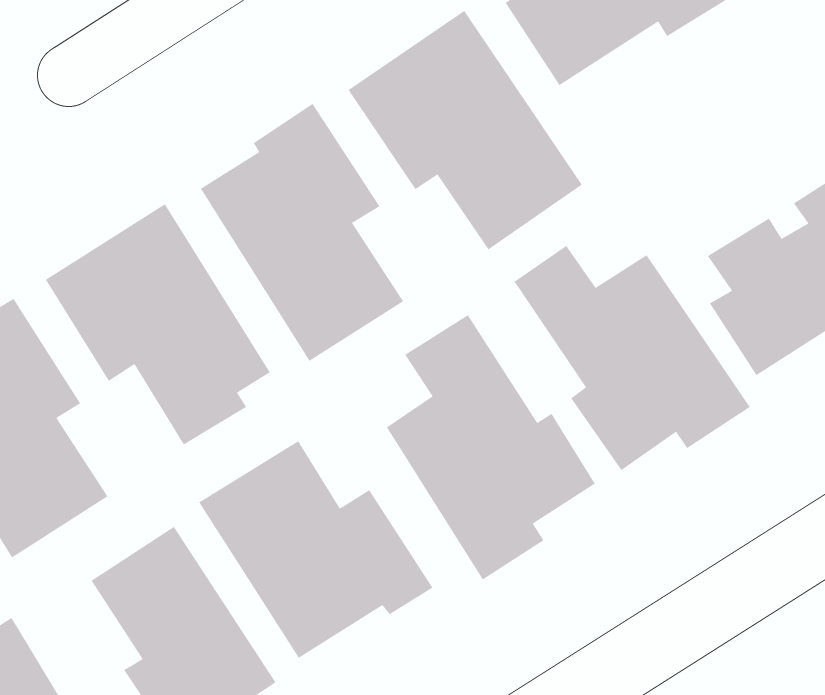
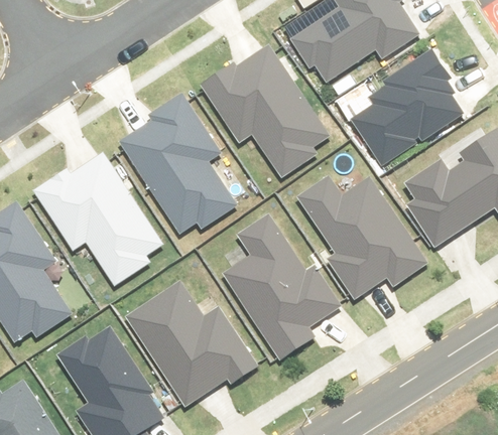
building: none -> [348,50,457,163]

